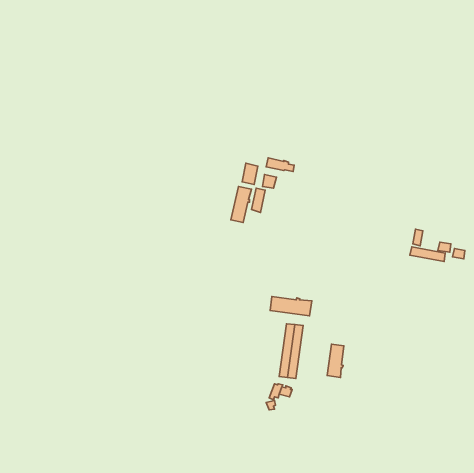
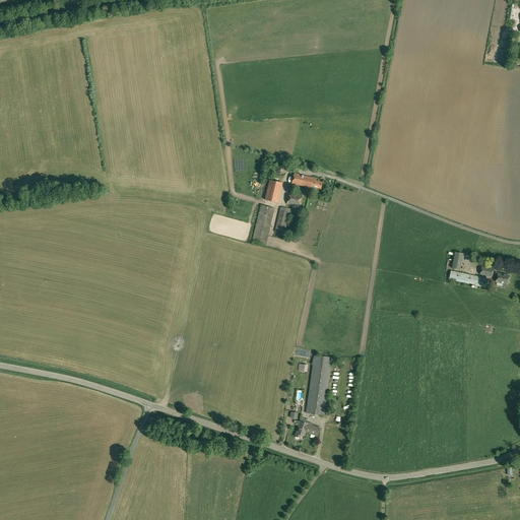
building: [270,296,312,316] -> none
building: [327,344,344,377] -> none

